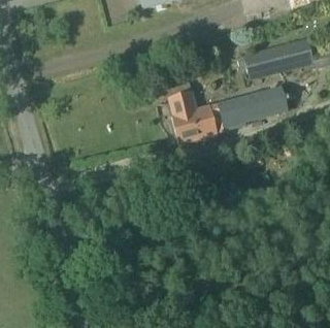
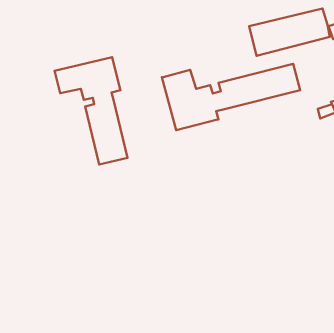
building: none -> [54,57,128,165]

